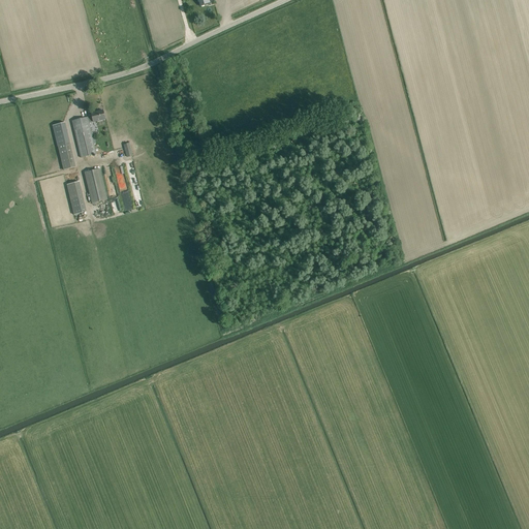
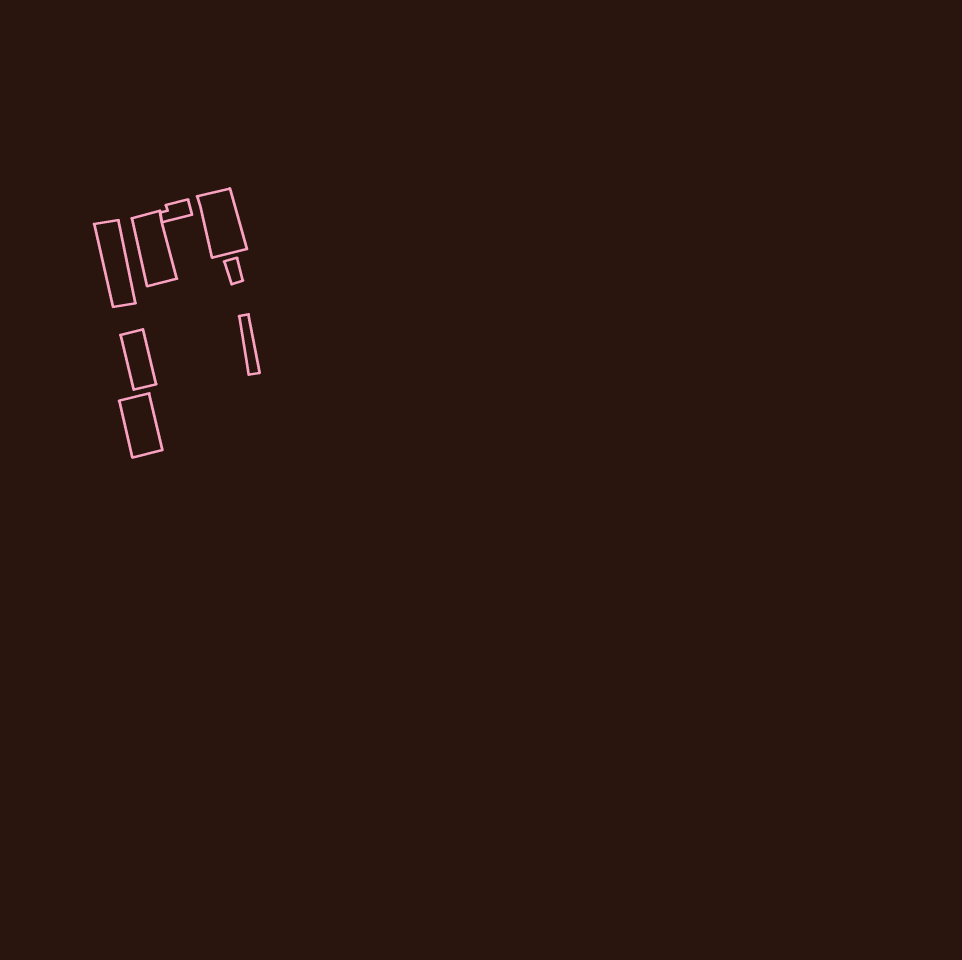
building: none -> [197,188,247,258]
building: [84,167,107,203] -> [119,393,162,457]

